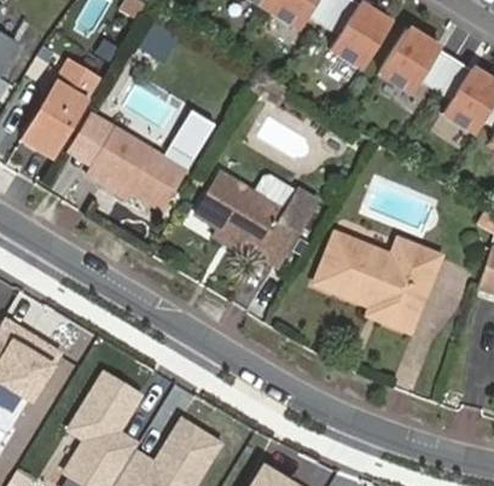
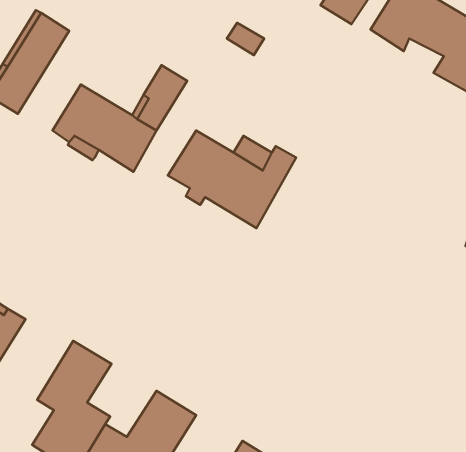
building: [60,115,111,173] -> none
building: [318,233,435,325] -> none

